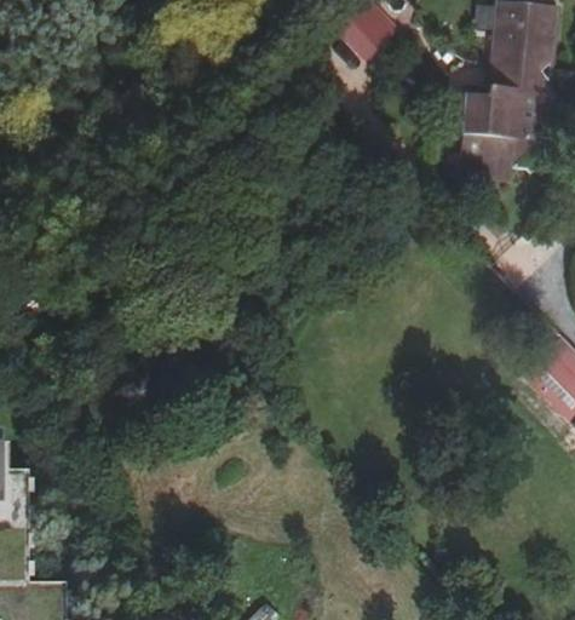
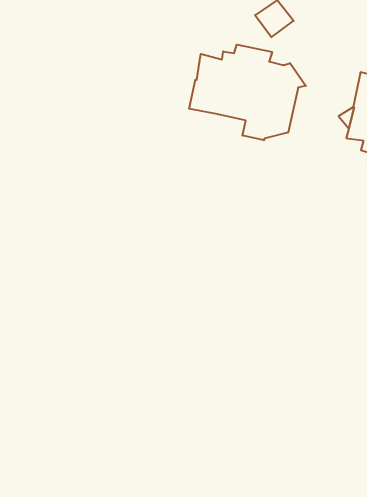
building: none -> [189,45,306,140]

